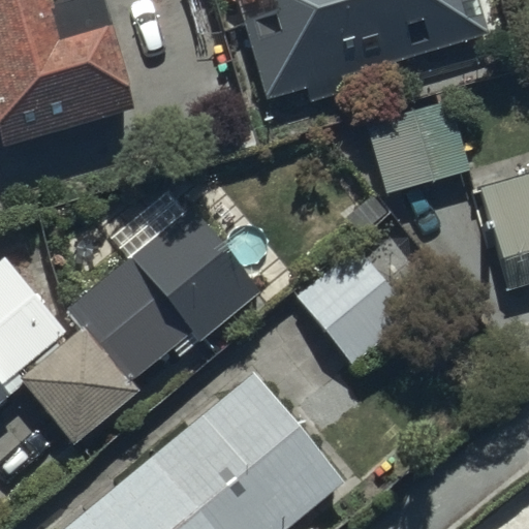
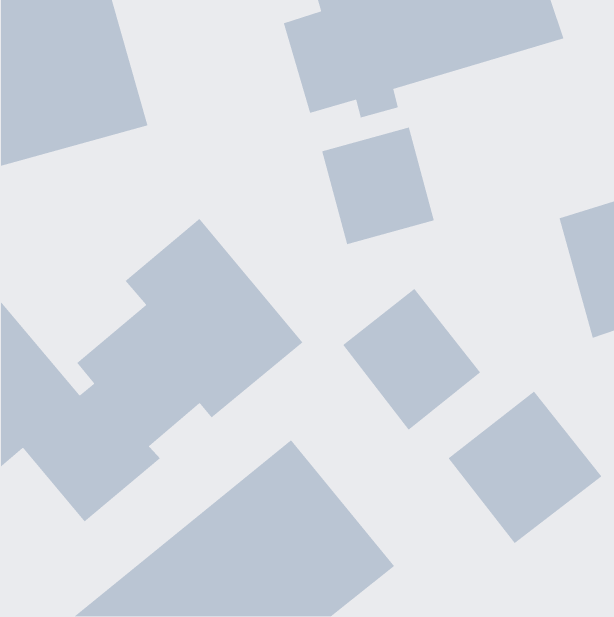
building: [365,95,462,196] -> [321,126,435,245]
building: none -> [447,390,602,544]

